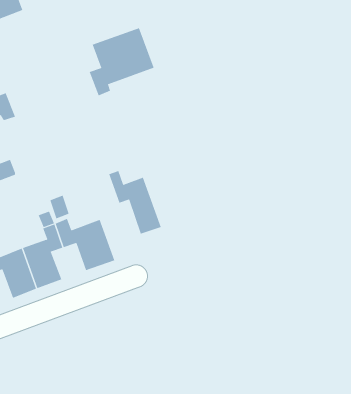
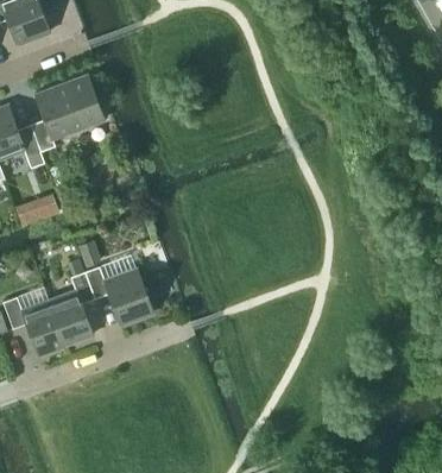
building: [89,28,154,96] -> [30,75,103,152]
building: [108,170,162,235] -> none

